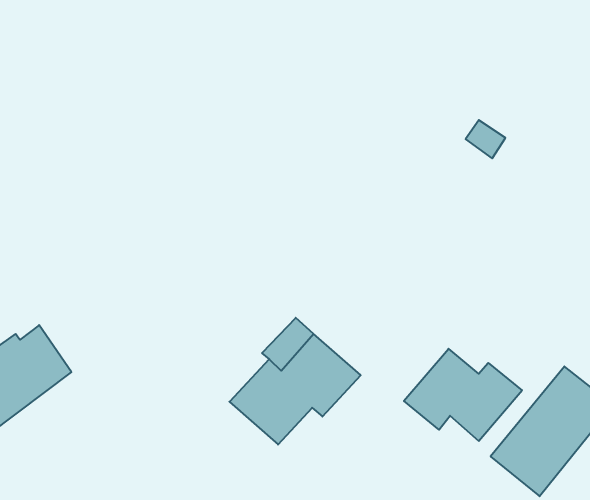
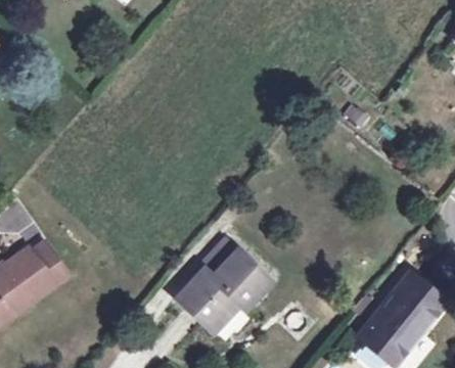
building: [404,349,522,441] -> none

